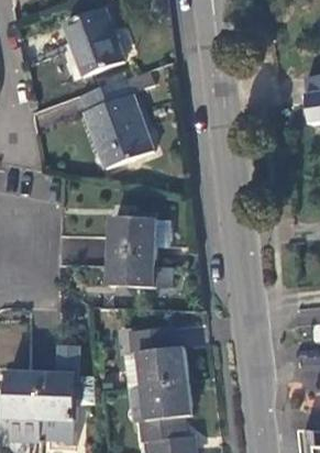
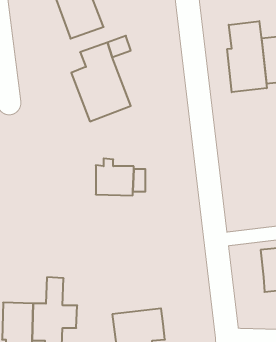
building: none -> [227,21,267,92]
building: [112,252,172,296] -> none
building: [125,328,187,387] -> none

